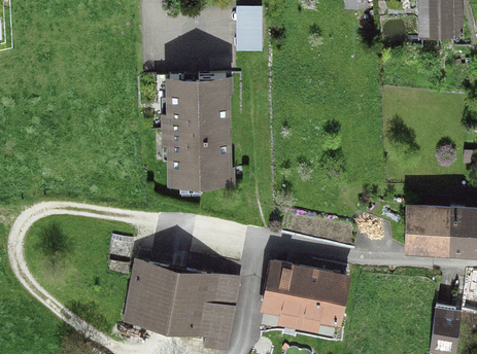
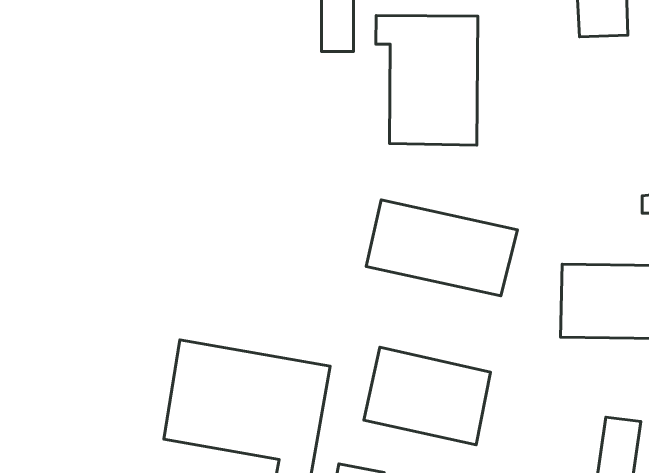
building: none -> [376,15,478,145]
building: [166,78,237,188] -> none
building: none -> [366,200,517,296]

